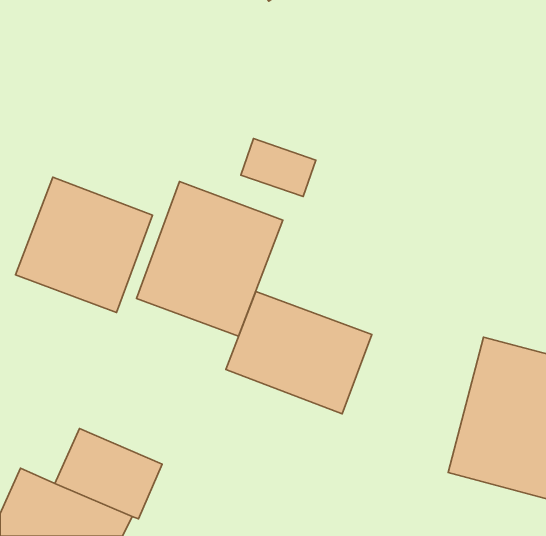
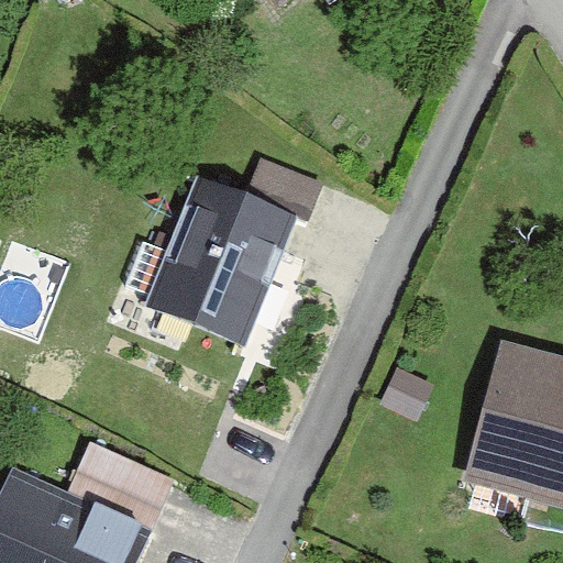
building: [15,177,153,313] -> none
building: [226,291,372,414] -> none

